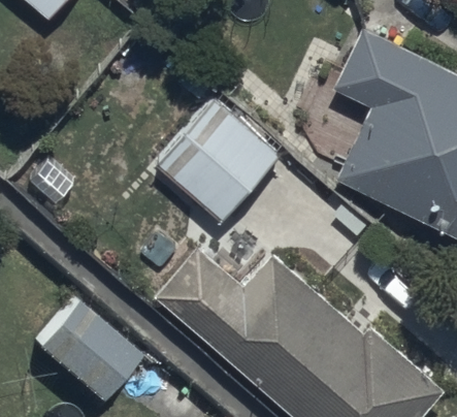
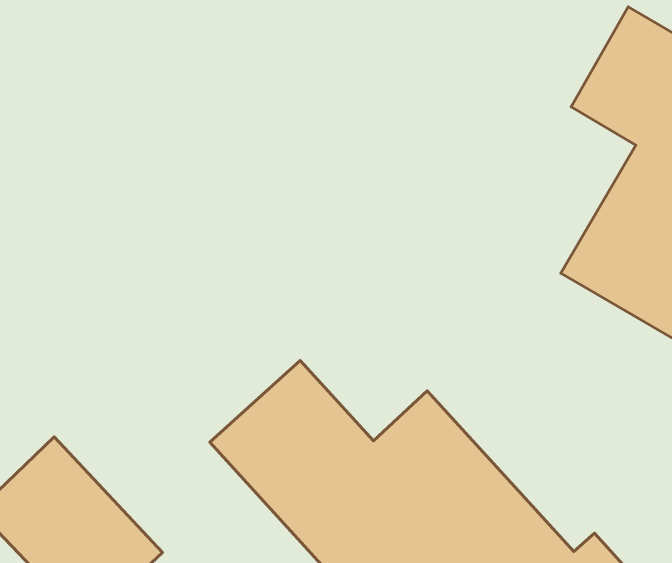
building: [157,100,281,224] -> none

